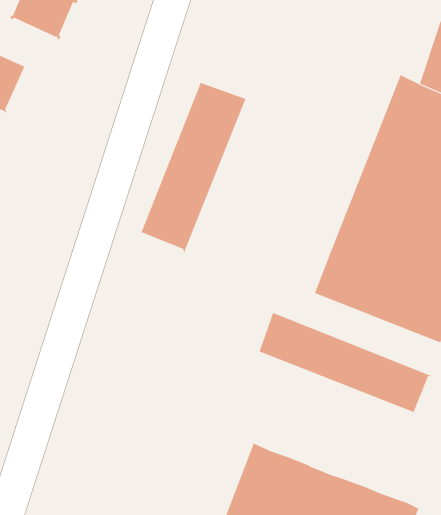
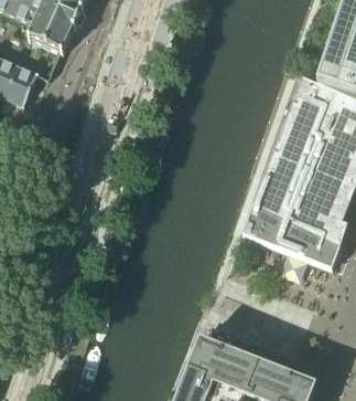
building: [141,82,246,252] -> none
building: [259,312,431,413] -> none

